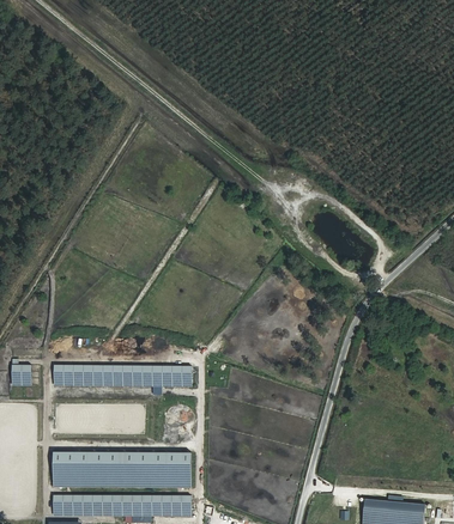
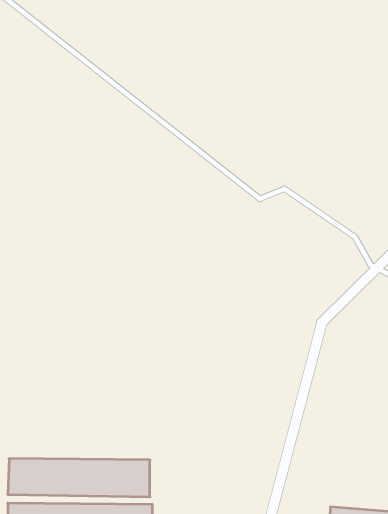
building: [53,365,190,386] -> none

